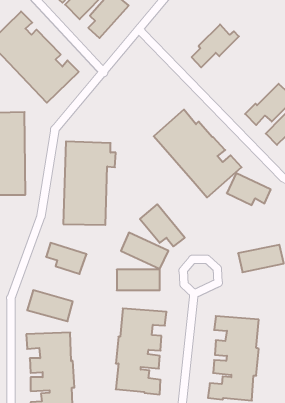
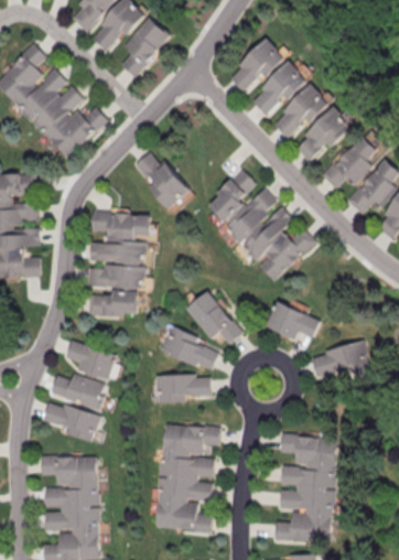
building: none -> [229,37,290,91]
building: none -> [274,83,334,137]
building: none -> [295,107,356,161]
building: none -> [131,148,188,209]
building: [227,173,271,205] -> [265,300,321,341]
building: none -> [52,370,108,409]

